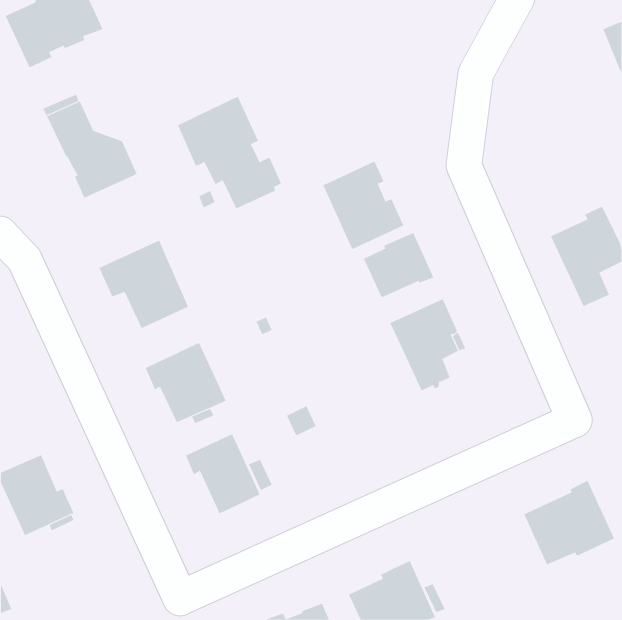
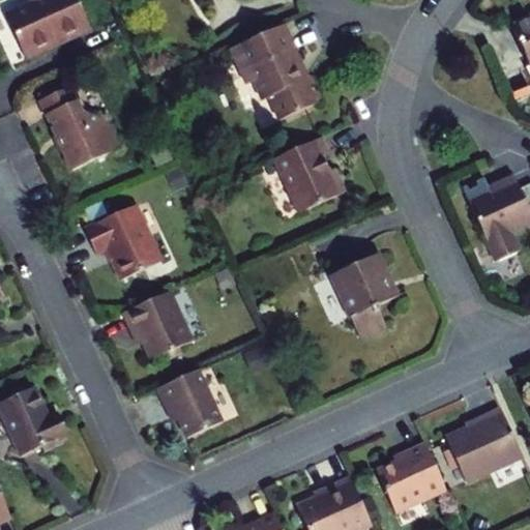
building: [177,96,282,209] -> [230,23,319,119]
building: [363,232,434,298] -> none
building: none -> [375,443,446,513]

